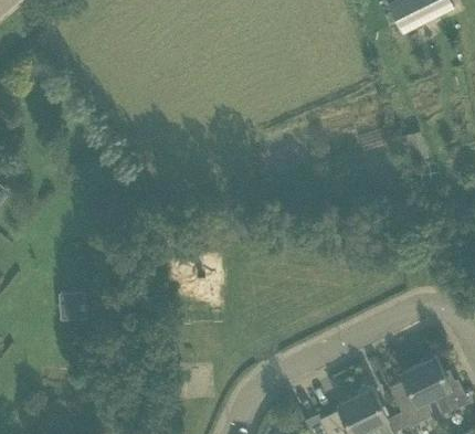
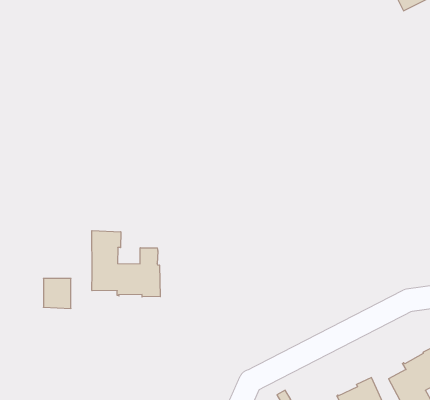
building: none -> [92,231,160,297]

